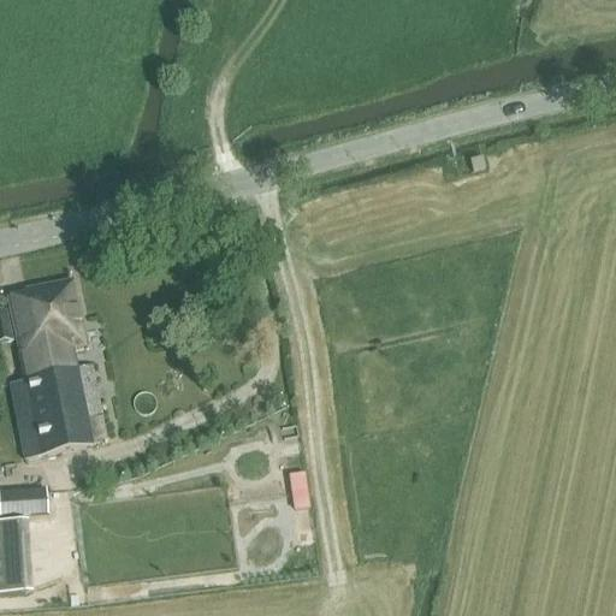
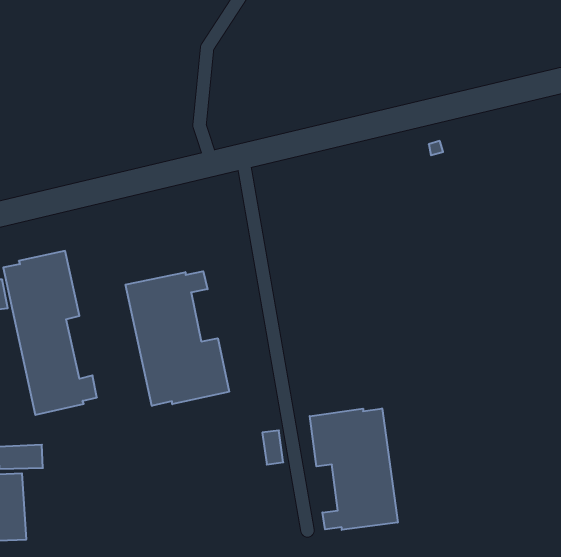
building: none -> [126,271,229,406]
building: none -> [310,408,398,530]

